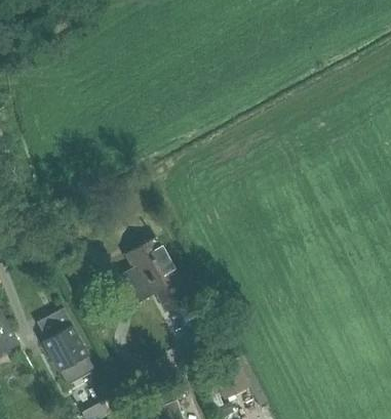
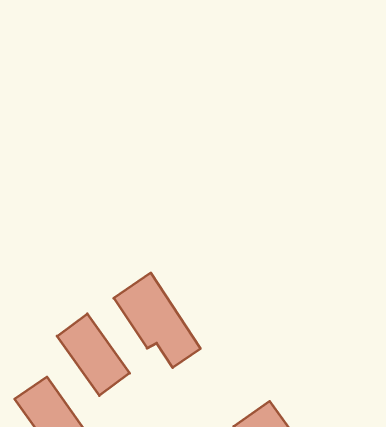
building: none -> [57,314,130,396]

